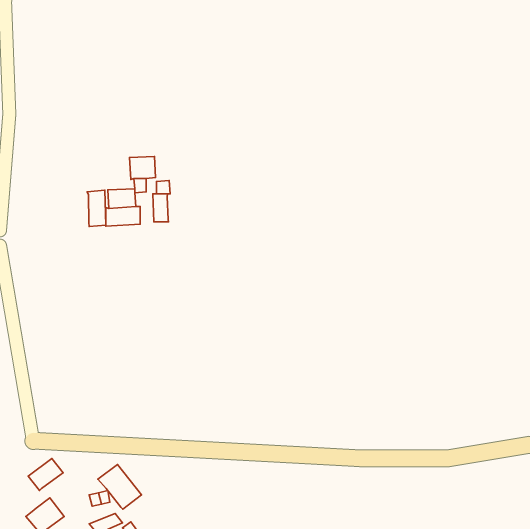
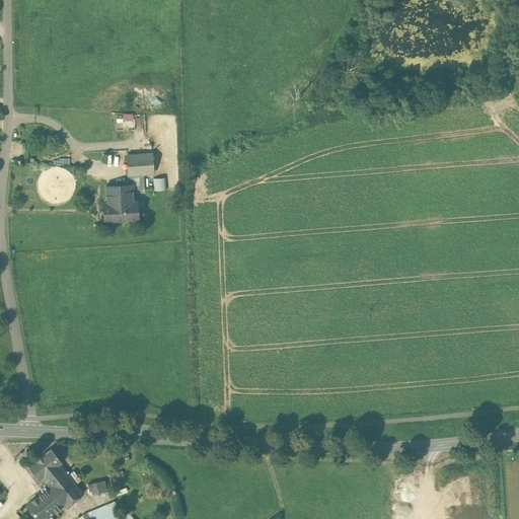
building: [87,190,106,227] -> none
building: [153,194,168,222] -> none
building: [98,465,141,509] -> [41,464,83,508]

